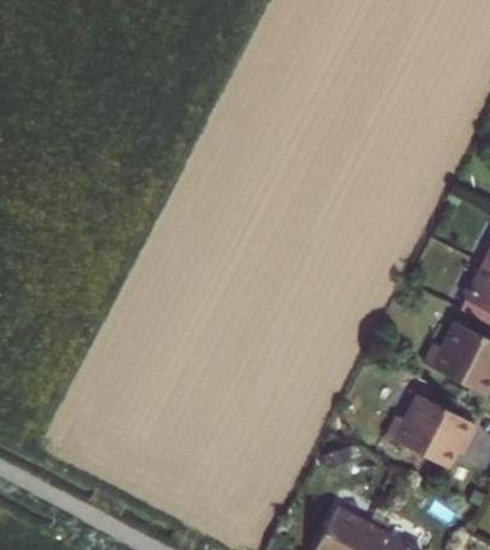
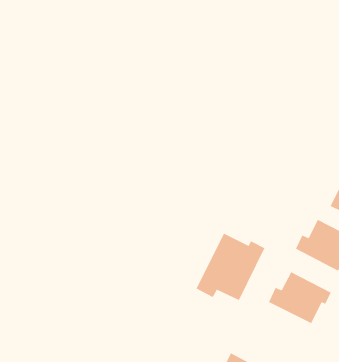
building: none -> [196,233,265,301]

